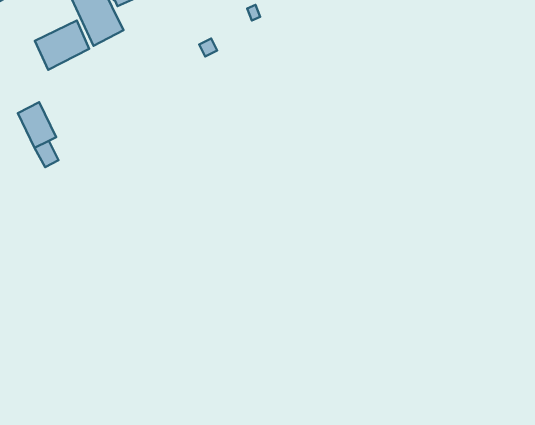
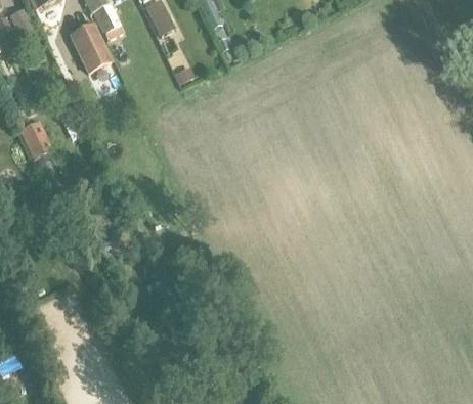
building: [35,21,89,70] -> none

